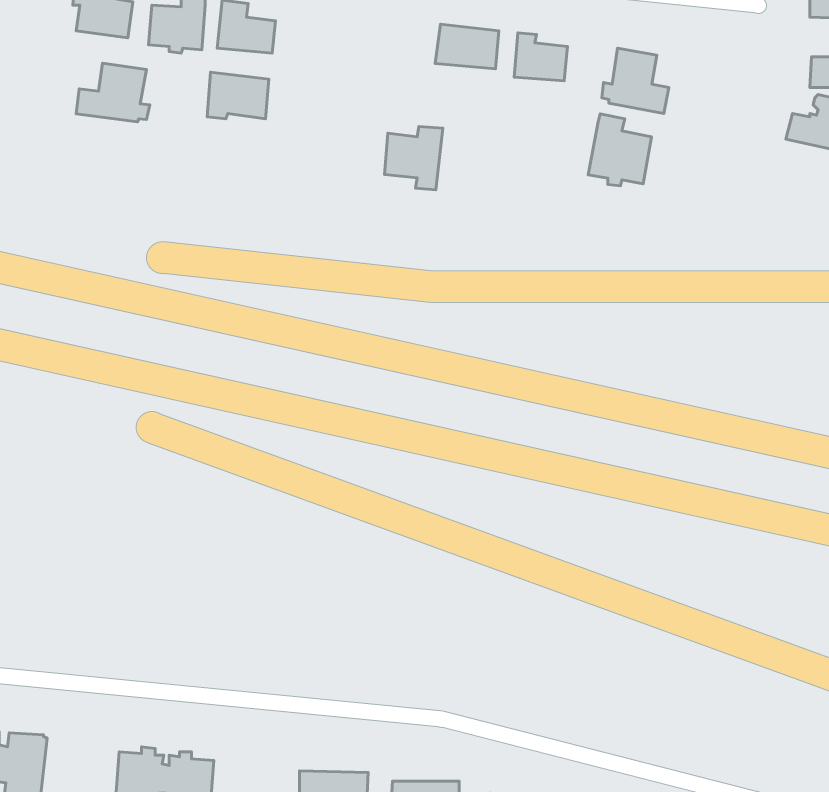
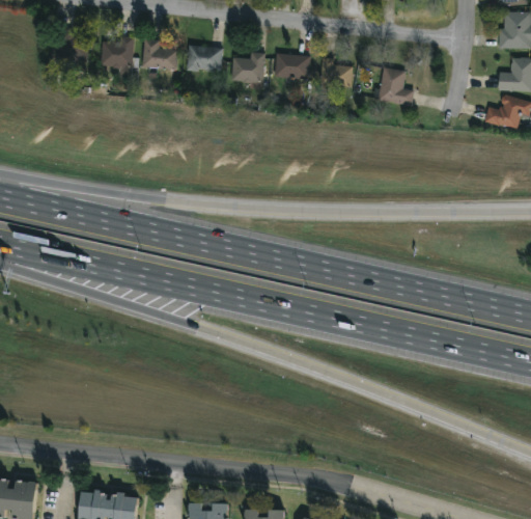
building: [76,63,150,122] -> none
building: [207,72,269,119] -> [186,44,223,72]
building: [588,114,651,186] -> none
building: [384,126,443,190] -> [230,52,266,90]

